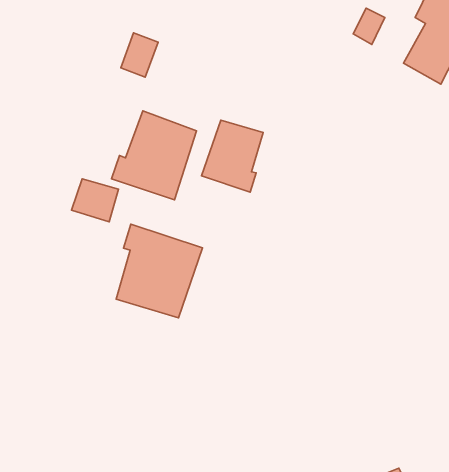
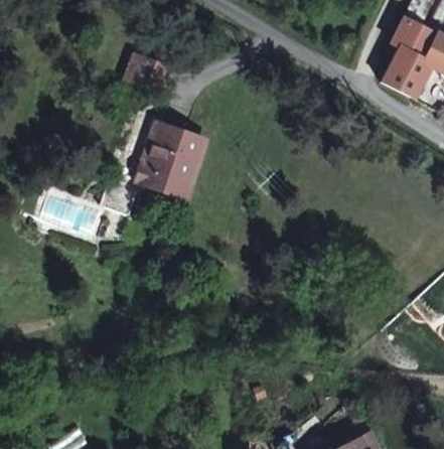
building: [202,120,263,192] -> none
building: [116,224,202,318] -> none

